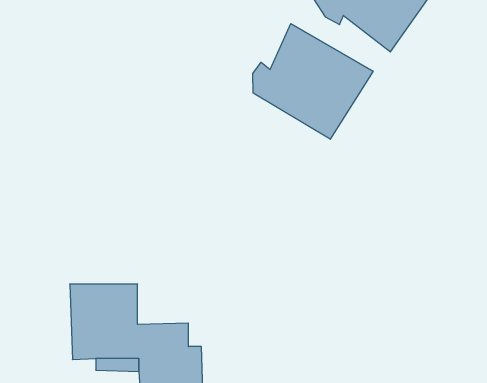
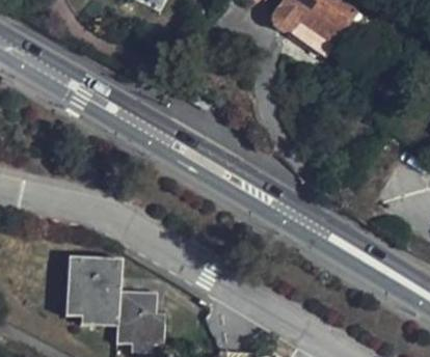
building: [253,24,373,139] -> none

